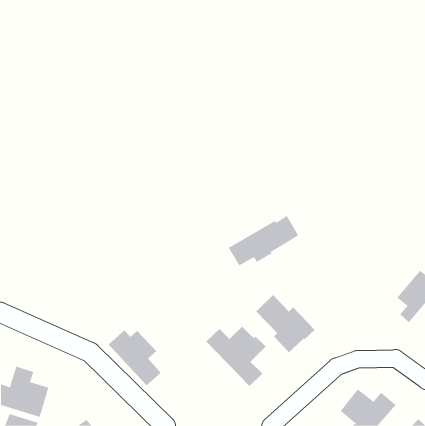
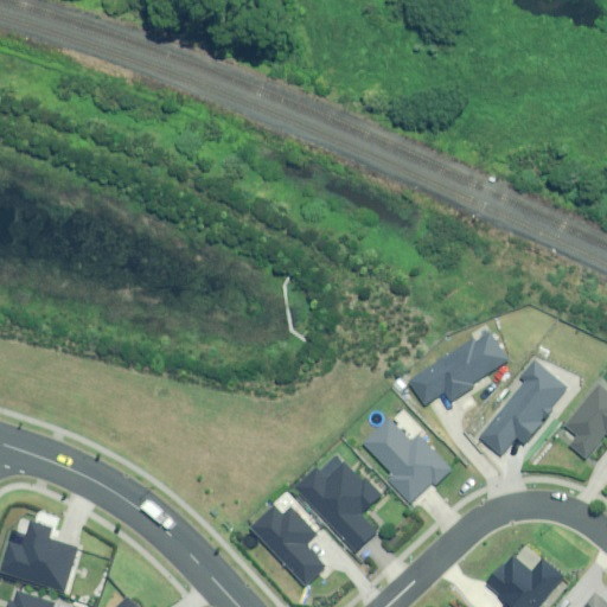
building: [228,215,299,266] -> [409,331,510,403]
building: none -> [483,359,568,451]
building: [108,329,161,386] -> [250,504,326,584]

